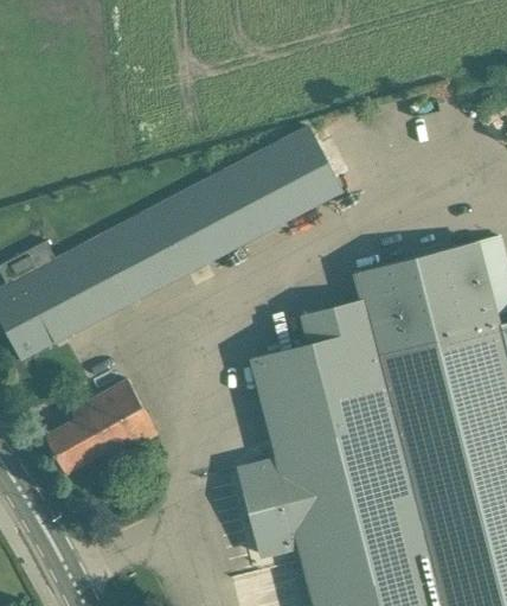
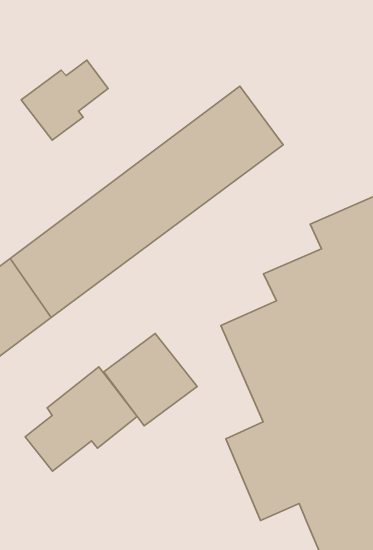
building: none -> [21,60,108,140]
building: none -> [104,334,197,426]

